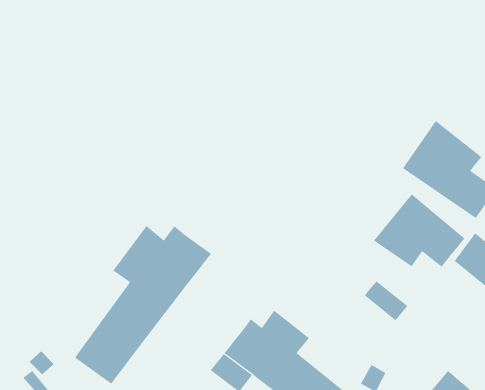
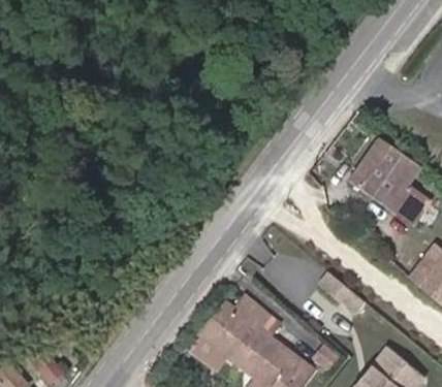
building: [373,194,465,268] -> none
building: [74,225,212,385] -> none

